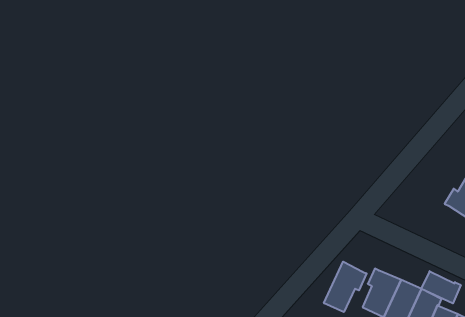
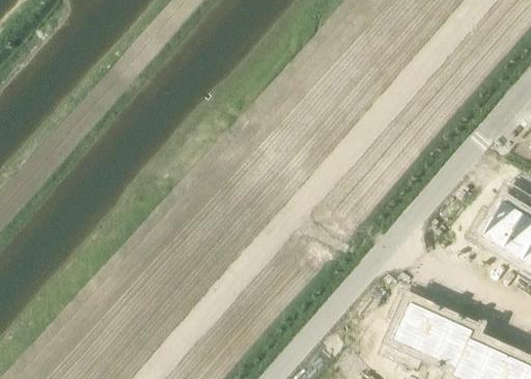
building: [324,262,367,312] -> none
building: [421,271,461,303] -> none

